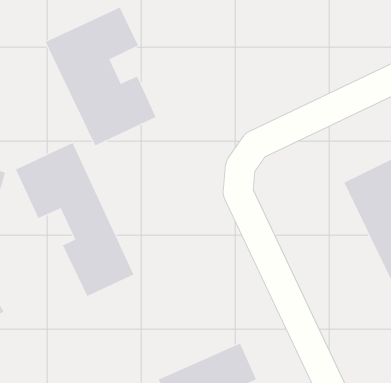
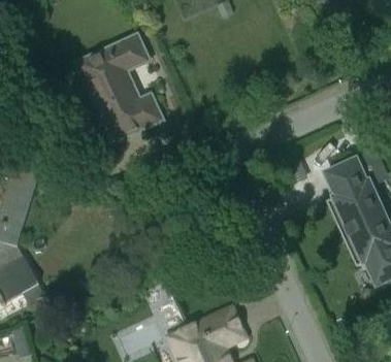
building: [15,142,134,297] -> none

